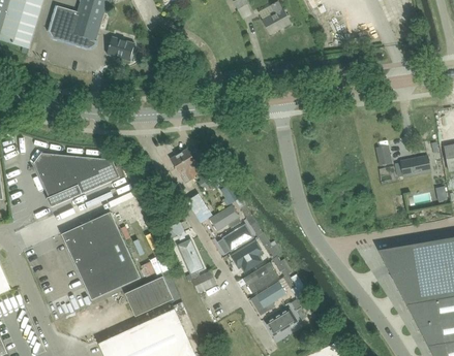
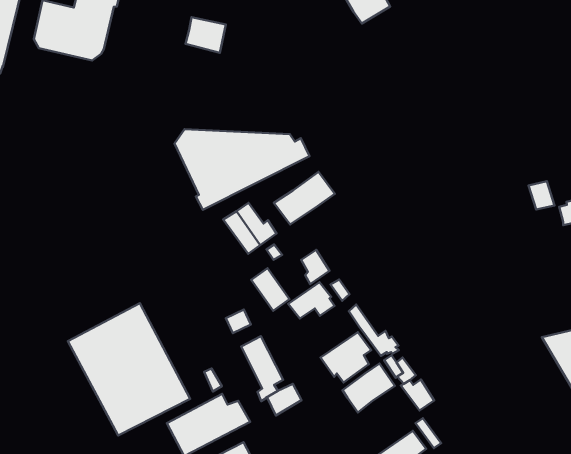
building: [107,36,134,61] -> [185,17,226,53]
building: none -> [274,172,335,225]
building: [34,153,124,207] -> [174,129,309,210]
building: [218,223,253,253] -> none
building: [250,282,285,312] -> none

